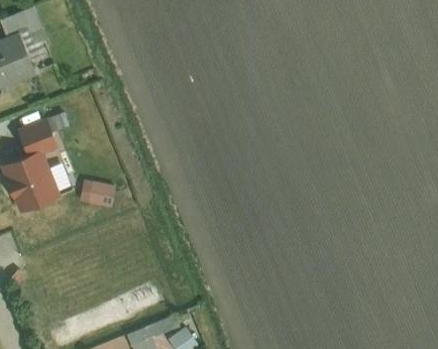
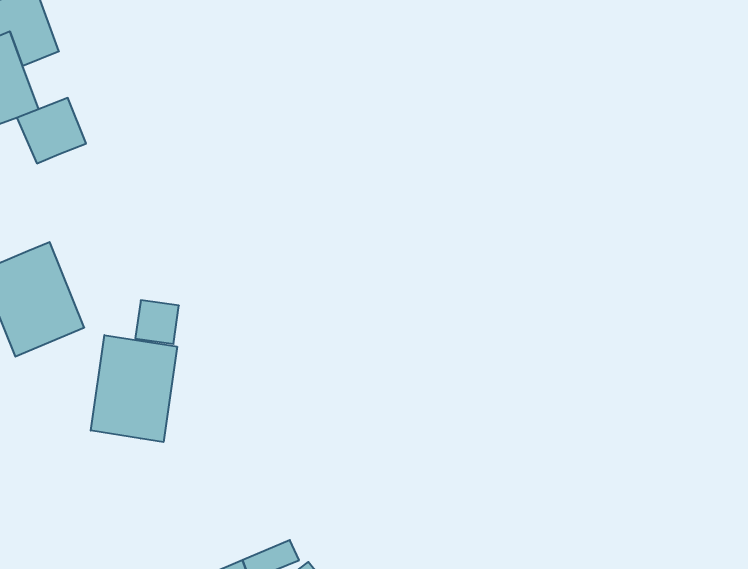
building: [17,120,56,156] -> [17,98,86,163]
building: none -> [91,335,177,442]

